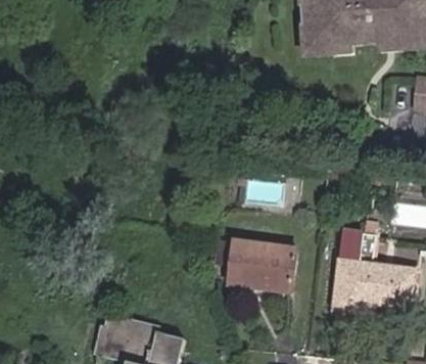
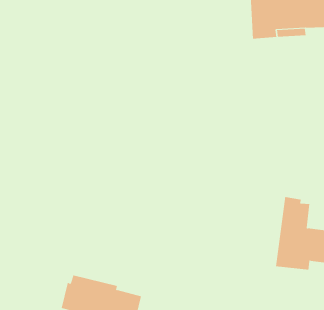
building: [227,239,293,289] -> none

